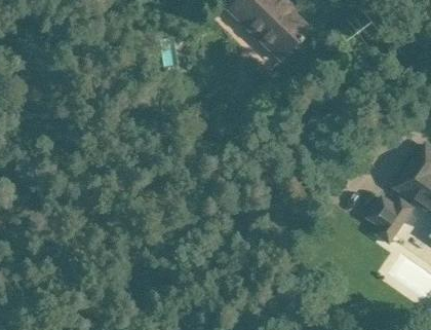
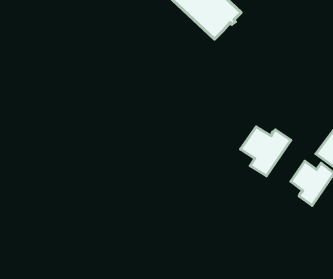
building: none -> [241,127,291,176]

